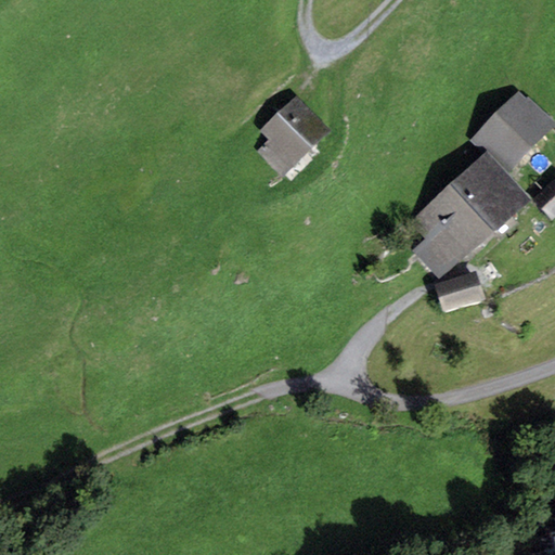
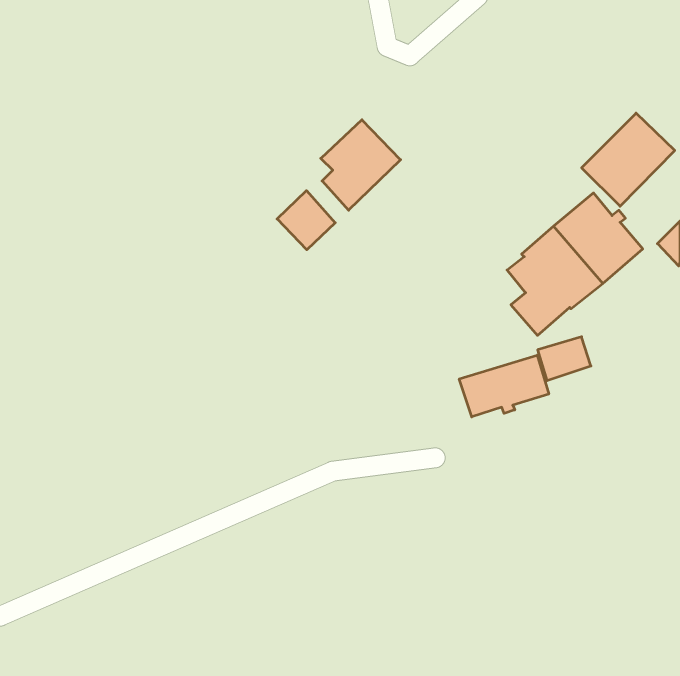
building: none -> [277,191,335,250]
building: none -> [459,355,549,417]

